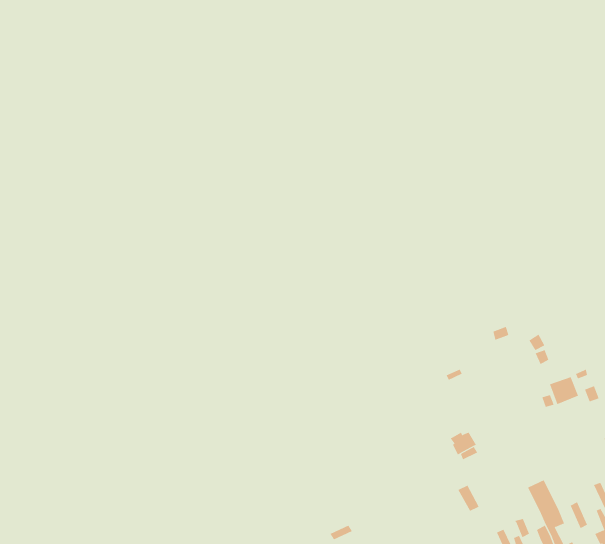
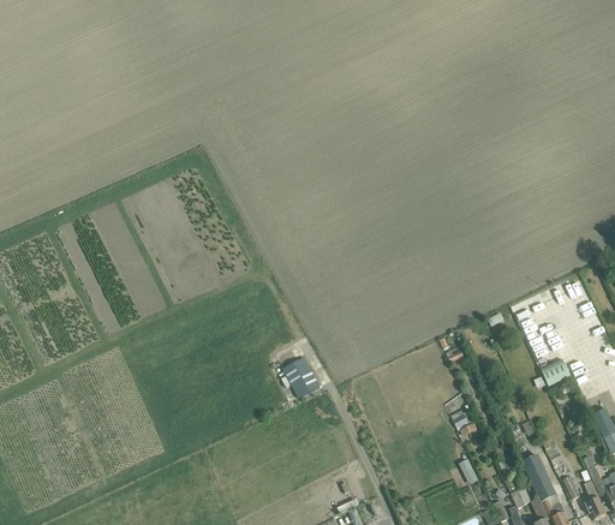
building: none -> [282,357,318,396]

